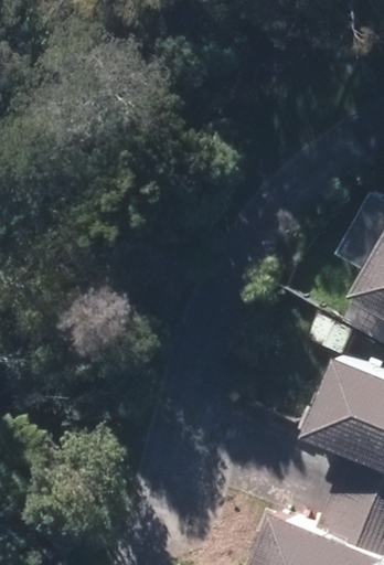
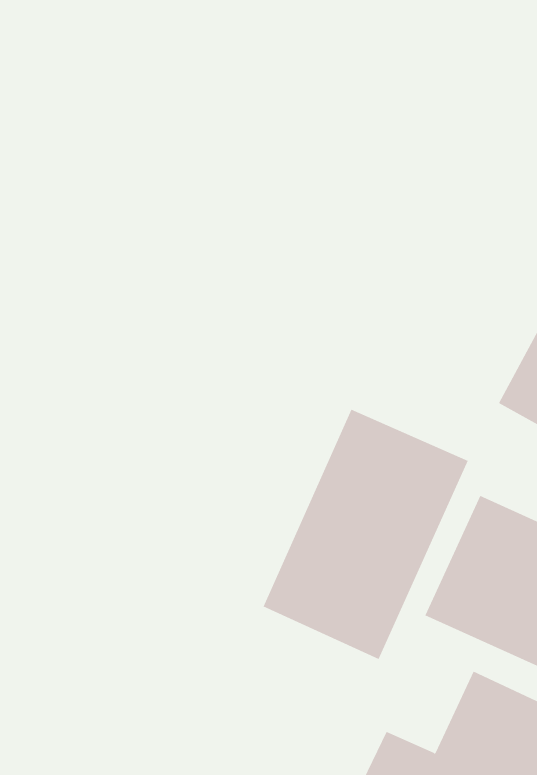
building: none -> [263,409,468,660]

